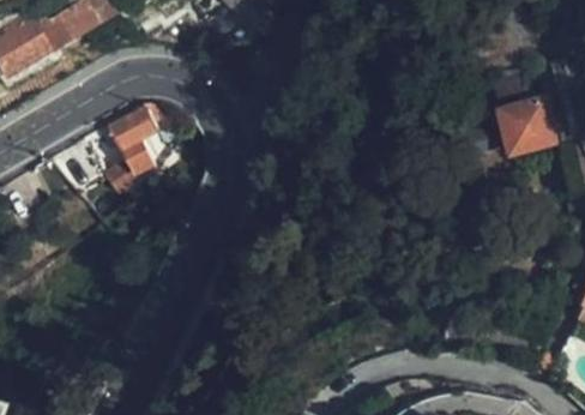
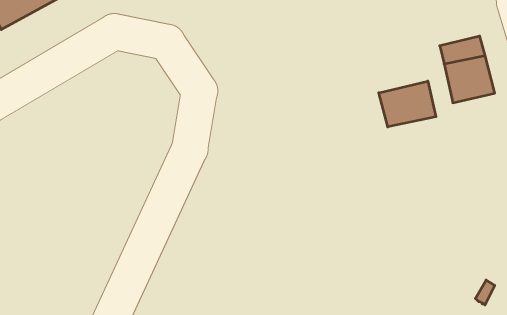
building: [103,107,180,197] -> none
building: none -> [379,81,436,127]

